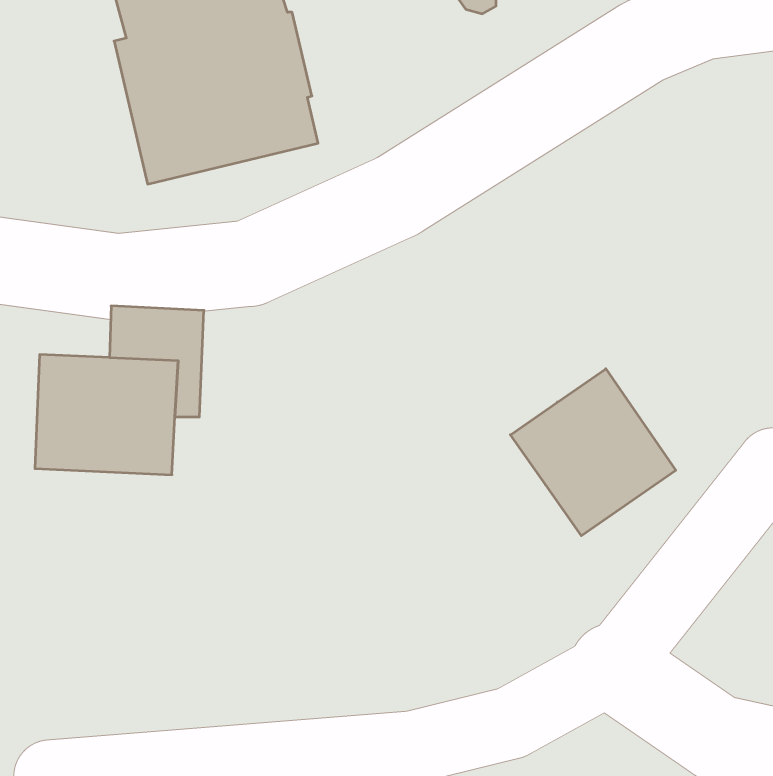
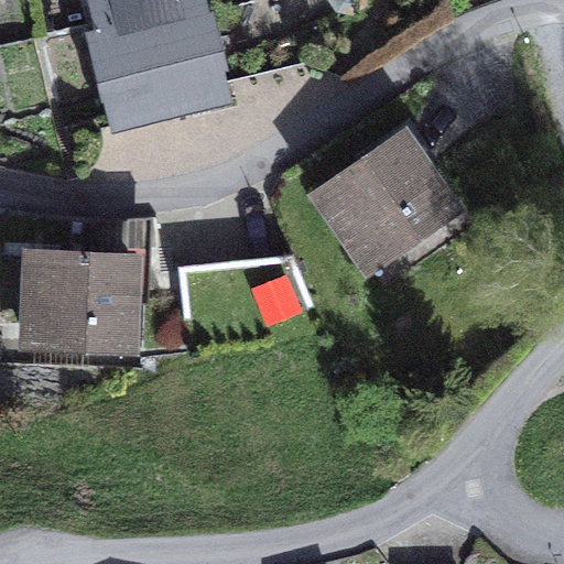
building: none -> [317,139,448,264]
building: [510,369,676,536] -> none

